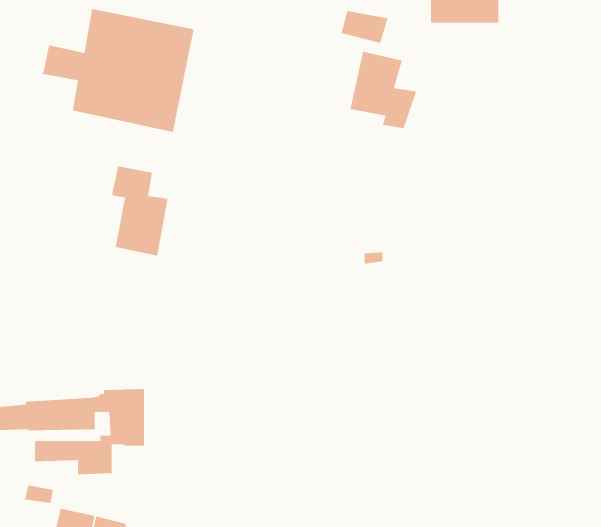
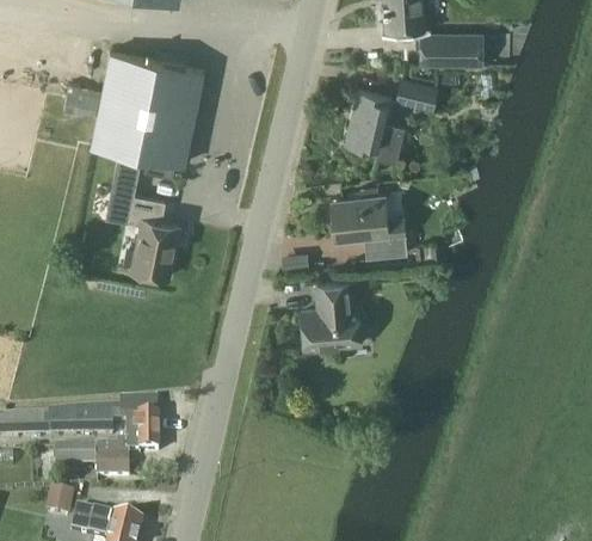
building: [340,10,389,44] -> [395,80,439,111]
building: none -> [104,155,140,223]
building: none -> [329,196,407,258]
building: none -> [301,282,362,349]

